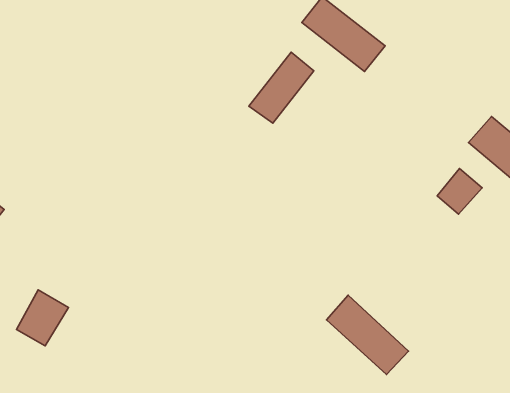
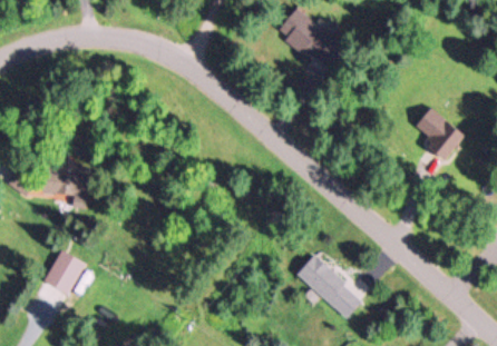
building: [249,52,314,123] -> none
building: [437,169,482,214] -> none

